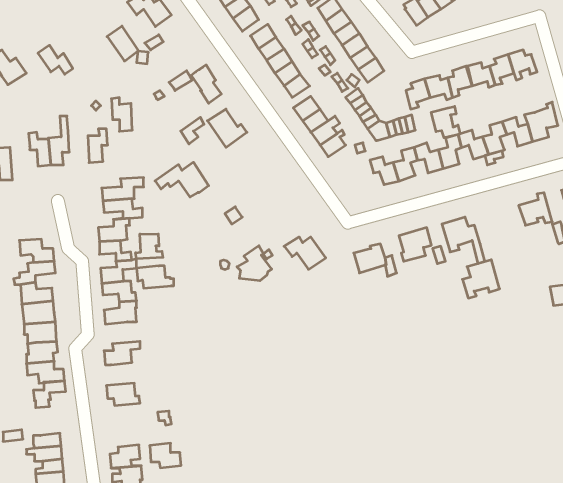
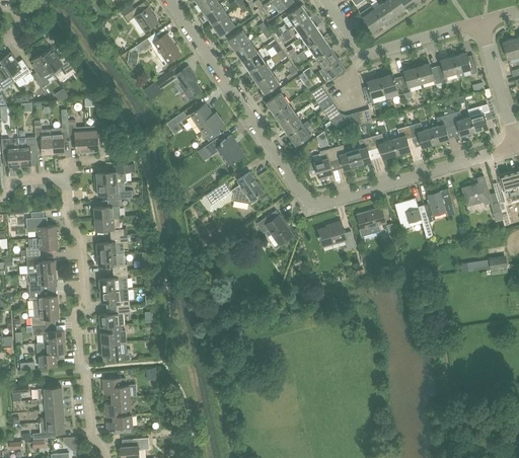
building: [107,26,138,61] -> [153,32,180,63]
building: none -> [29,54,54,87]
building: [111,98,132,131] -> [68,122,86,151]
building: [431,106,460,138] -> none
building: none -> [17,136,35,165]
building: none -> [313,148,335,177]
building: [155,162,209,197] -> [198,135,244,165]
building: [136,234,163,259] -> none
building: [237,246,272,281] -> [230,170,261,201]
building: [462,260,500,298] -> [423,187,455,221]
building: [137,266,174,288] -> [100,289,133,308]
building: none -> [100,325,126,345]
building: [150,443,181,468] -> [102,377,130,398]

